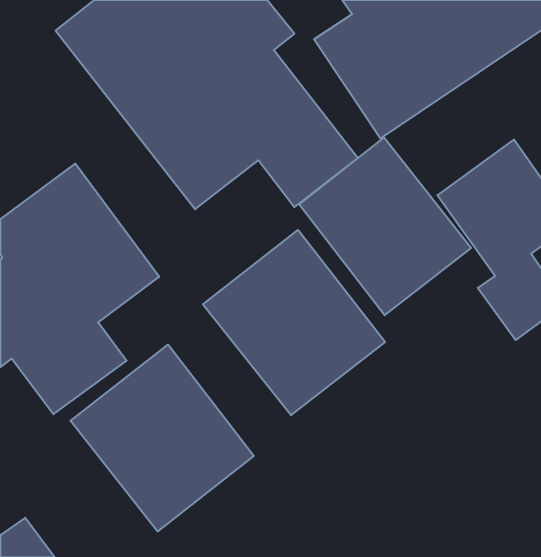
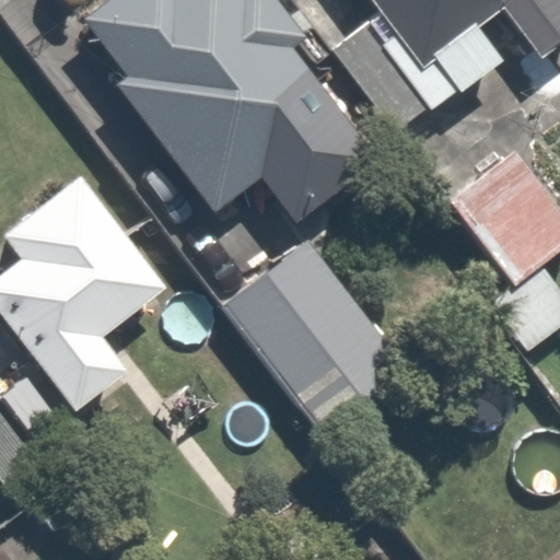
building: [299,138,471,315] -> none
building: [70,345,254,531] -> none

